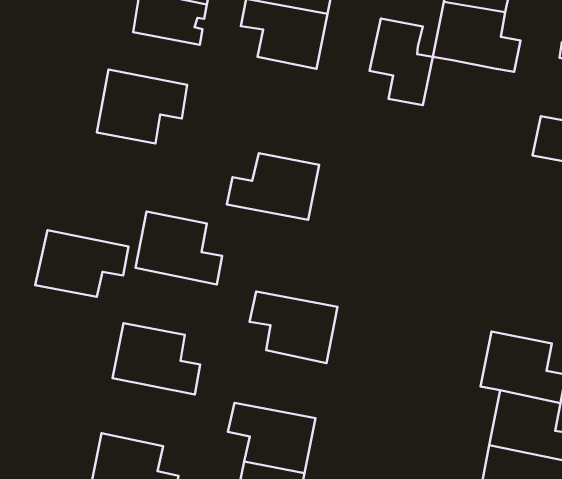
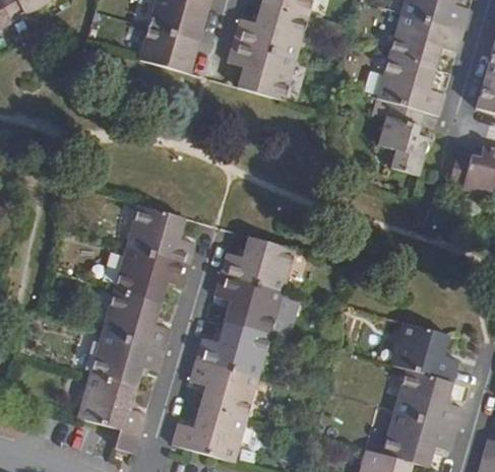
building: [370,18,433,105] -> [377,104,428,175]
building: [97,69,187,143] -> none
building: [227,153,319,220] -> [220,234,295,290]
building: [35,230,129,297] -> [113,247,189,302]
building: none -> [195,320,270,377]
building: none -> [88,332,165,389]

